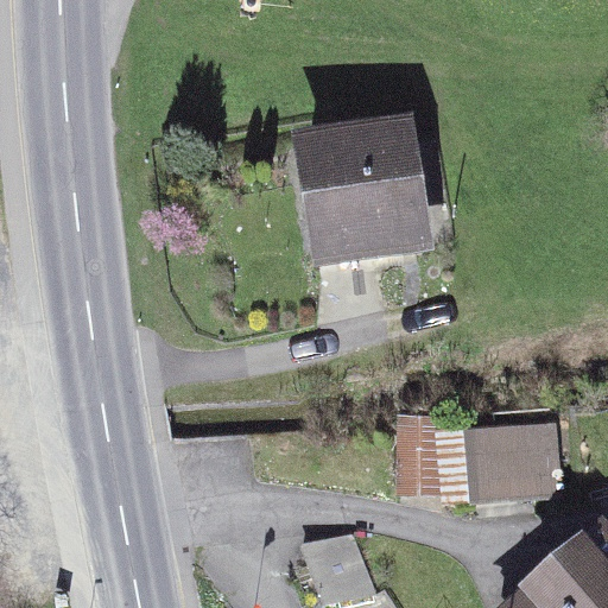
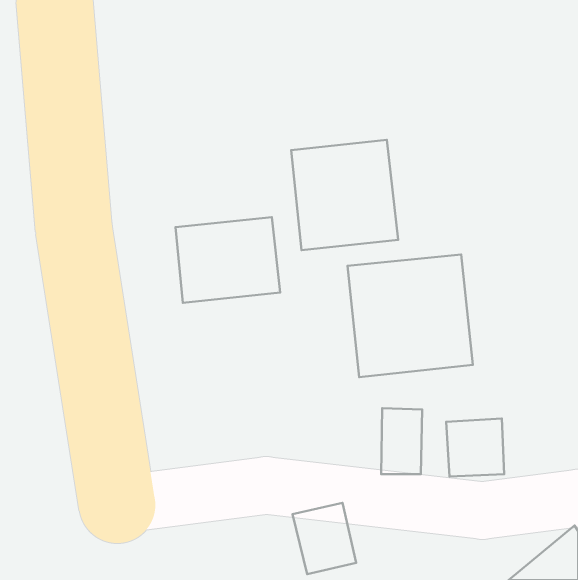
building: none -> [175,217,280,303]
building: none -> [347,255,473,377]

